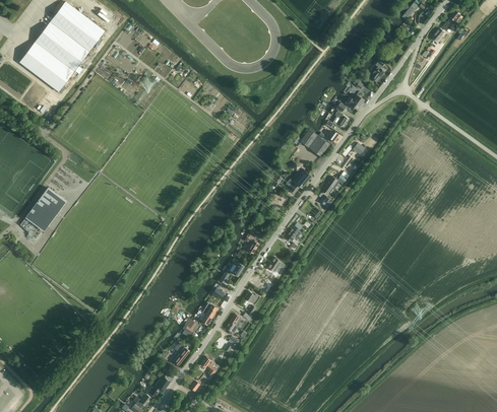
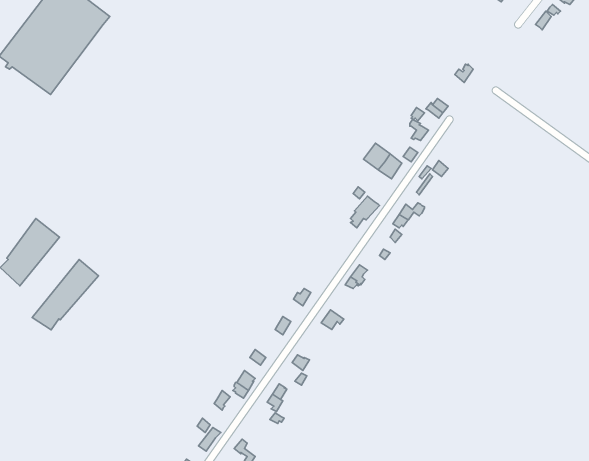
building: none -> [32,259,98,330]

